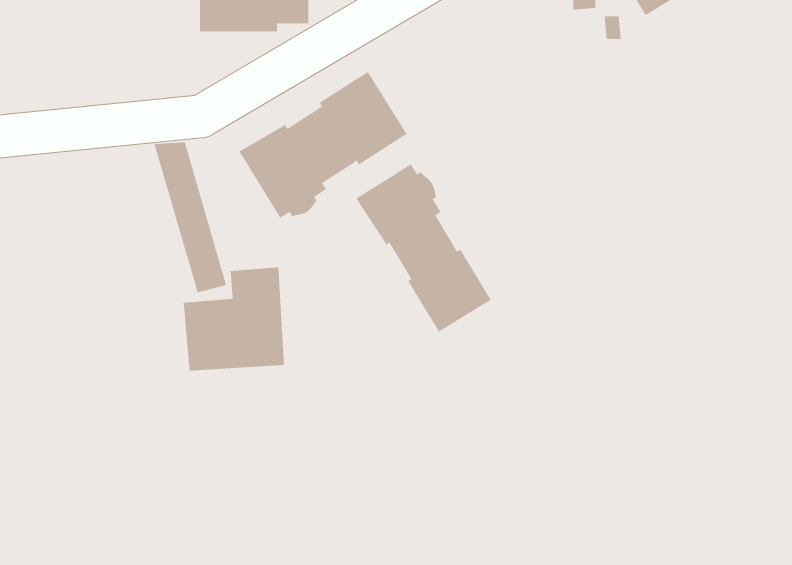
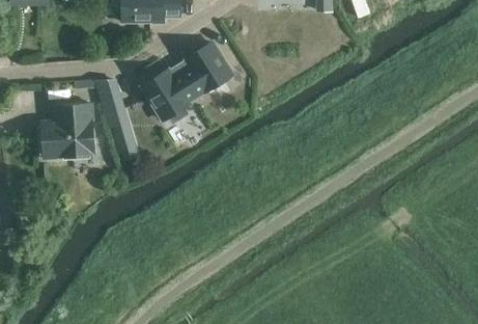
building: [356,163,491,333] -> none
building: [183,267,285,371] -> [40,104,94,159]

